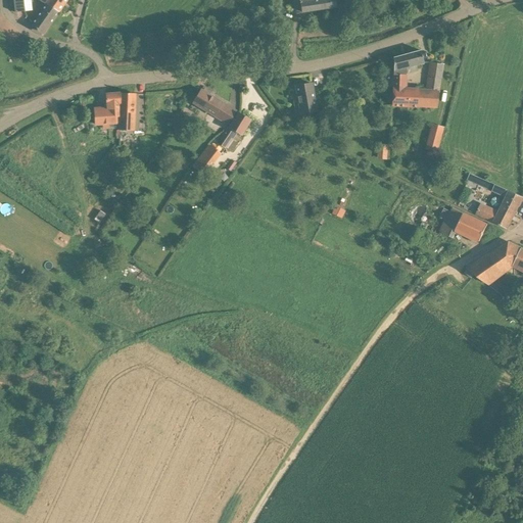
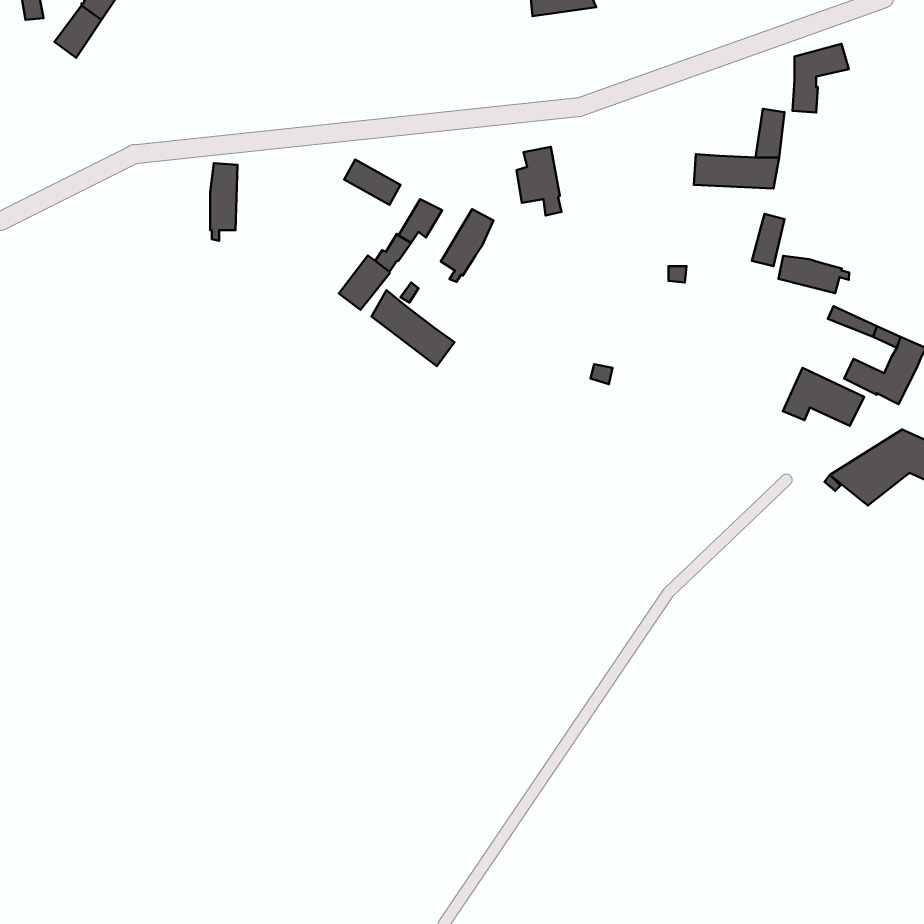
building: [393,49,425,88] -> [793,44,849,113]
building: [95,92,122,125] -> none
building: none -> [441,209,494,282]
building: none -> [778,256,849,293]
building: none -> [372,290,455,366]

